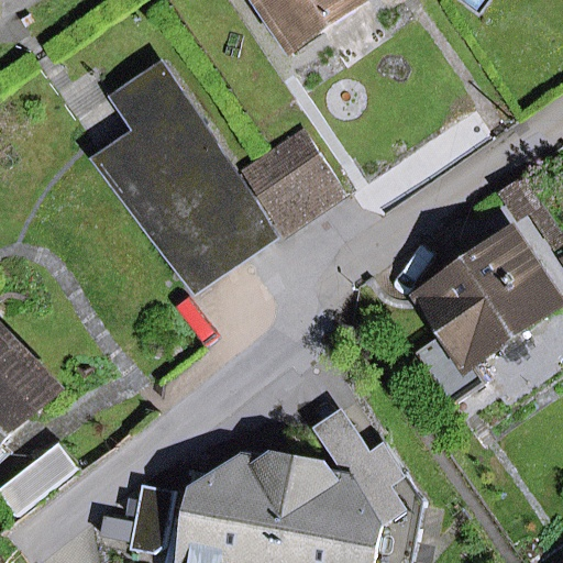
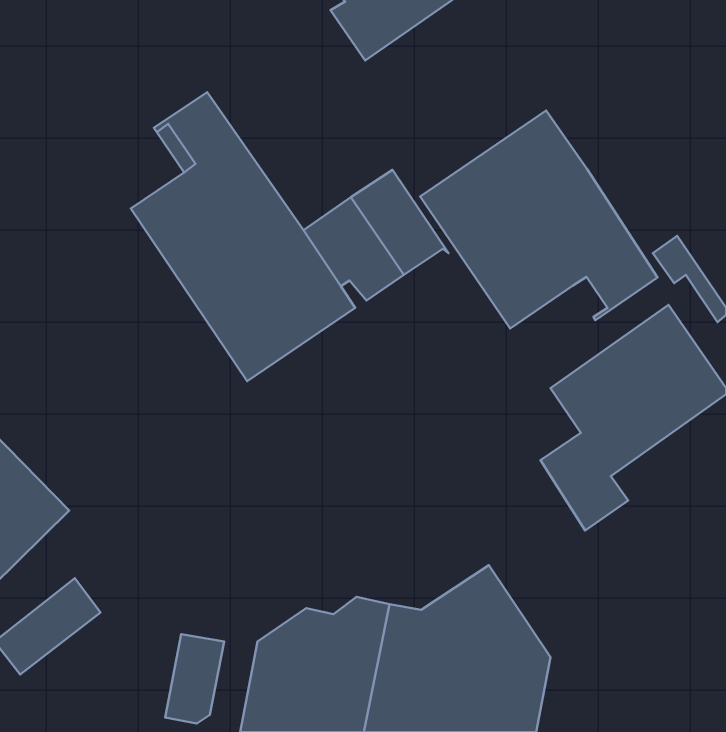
building: none -> [420,111,658,328]

